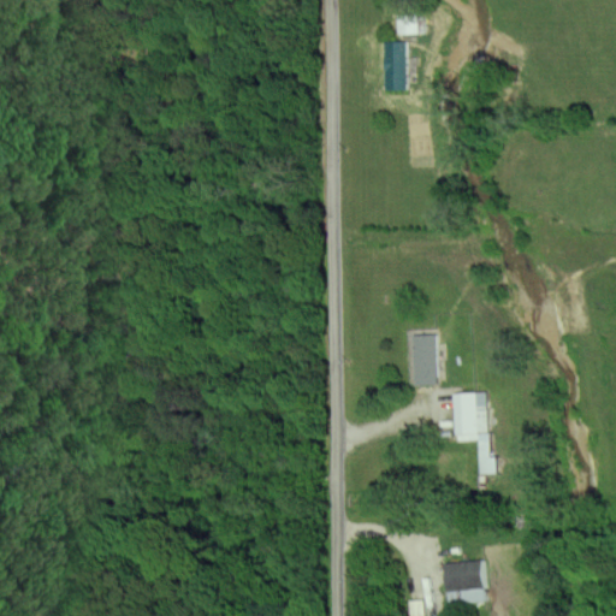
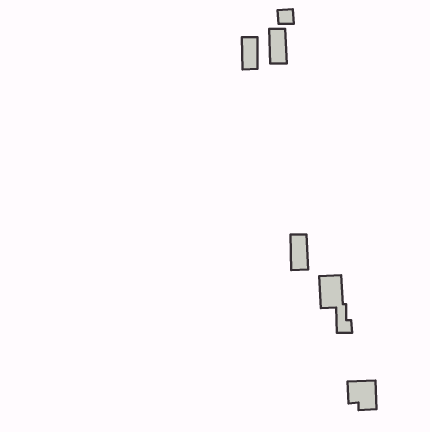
building: none -> [242,37,257,70]
building: [446,561,487,603] -> [348,381,376,410]

